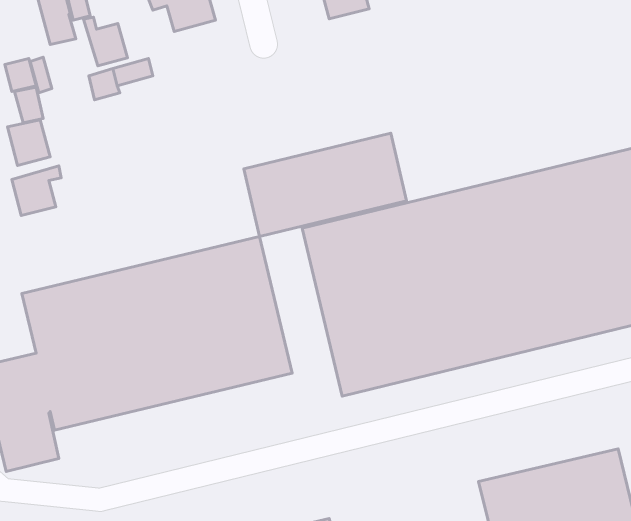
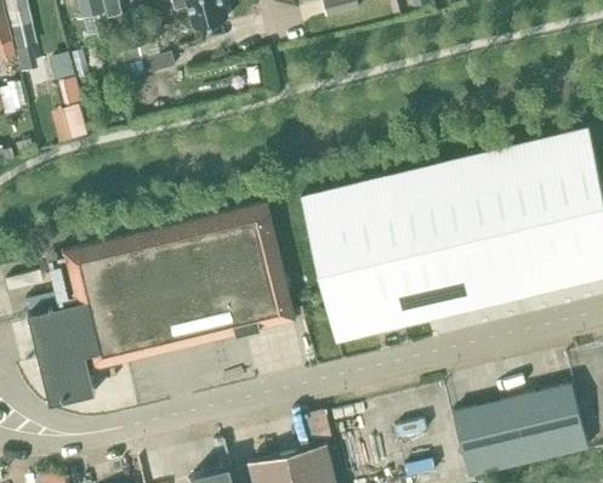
building: [83,17,127,66] -> none
building: [244,133,406,237] -> none
building: [12,166,61,216] -> none

